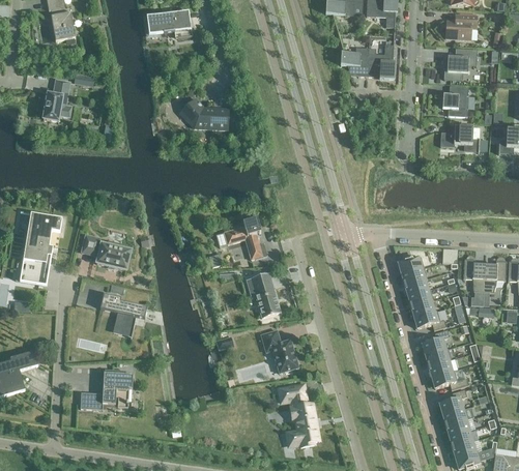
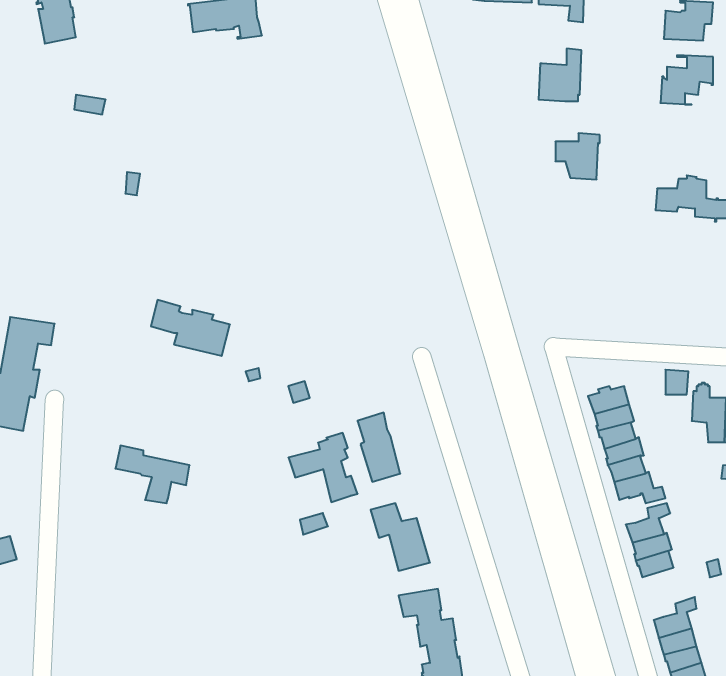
building: [340,47,368,76] -> [555,133,600,179]
building: [41,79,70,120] -> none
building: [441,85,467,116] -> none
building: [180,97,228,128] -> none
building: [223,215,266,259] -> [288,433,358,502]
building: [81,234,131,269] -> [151,300,230,356]
building: [80,369,133,409] -> none
building: [431,370,467,389] -> none

